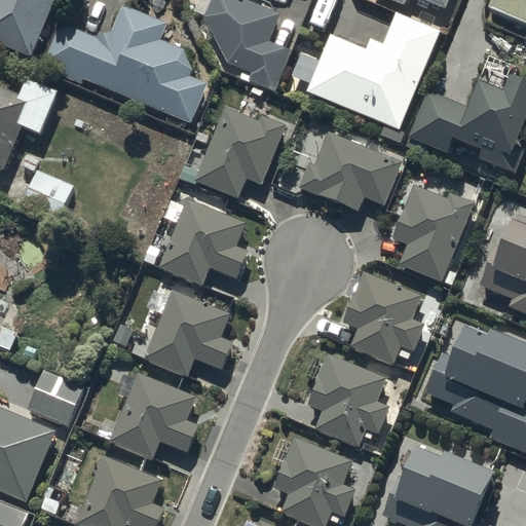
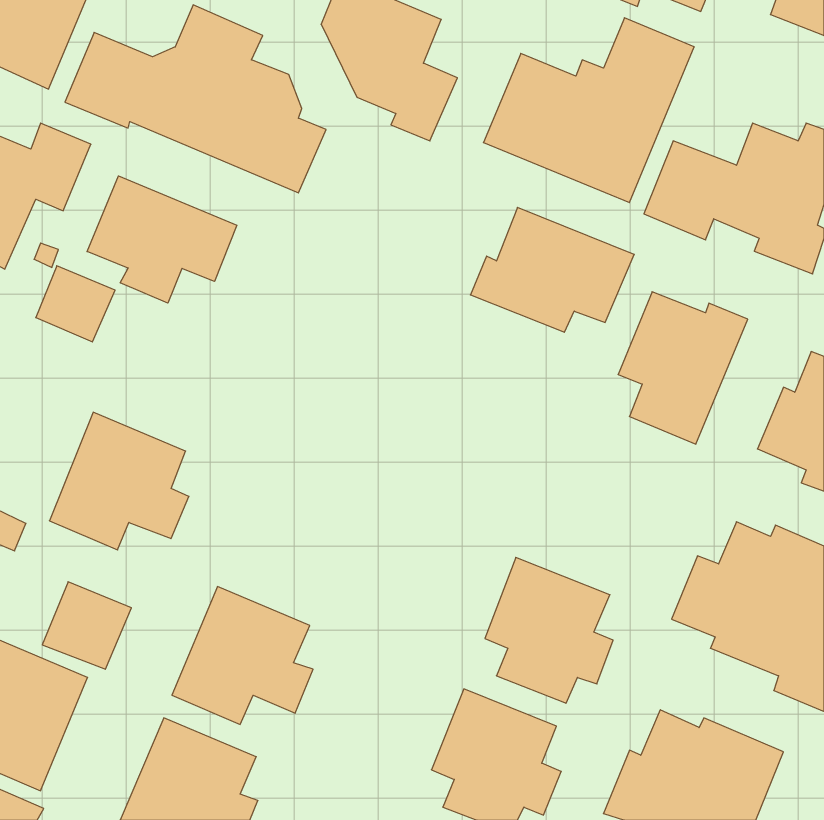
building: [194,106,286,197] -> none
building: none -> [87,176,237,303]
building: [159,198,248,285] -> none
building: [342,271,424,365] -> none
building: [144,289,232,376] -> [49,412,189,550]

